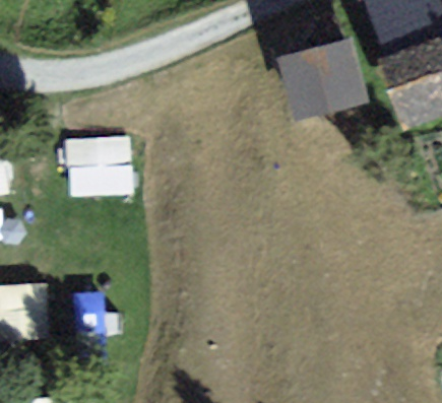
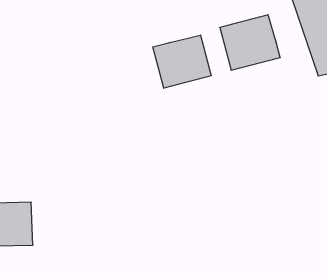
building: none -> [153,35,211,88]
building: [71,135,133,191] -> none

